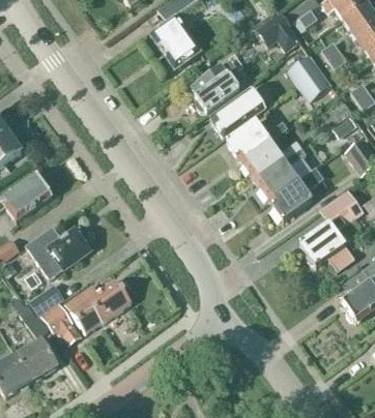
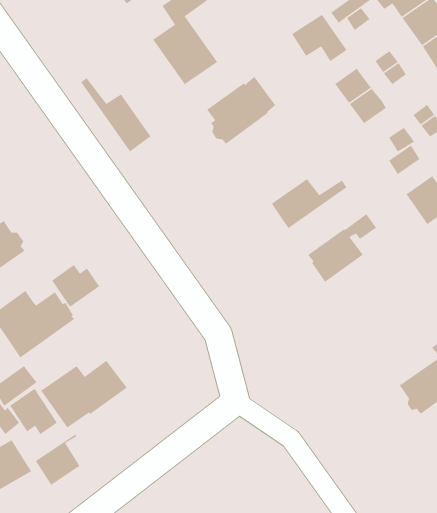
building: none -> [80,77,151,152]
building: [210,87,265,137] -> none
building: [226,120,287,159] -> none
building: [255,147,306,199] -> none
building: [300,189,364,270] -> none
building: none -> [51,264,100,308]
building: none -> [35,434,80,486]

